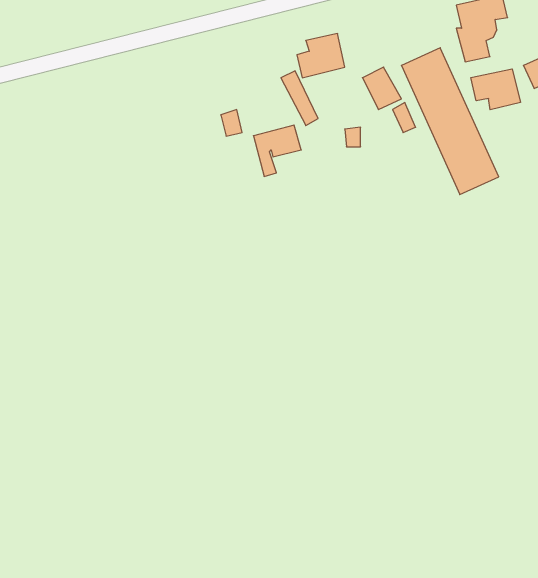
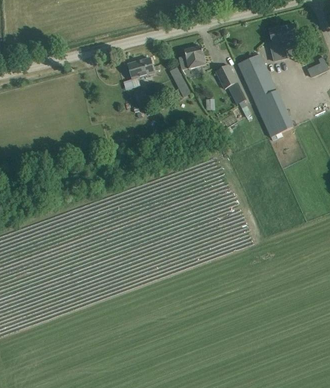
building: [471,69,520,110] -> none
building: [253,125,301,176] -> [127,58,154,87]

